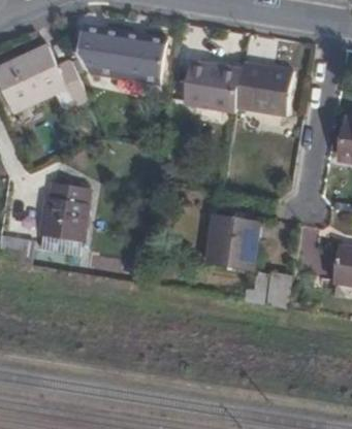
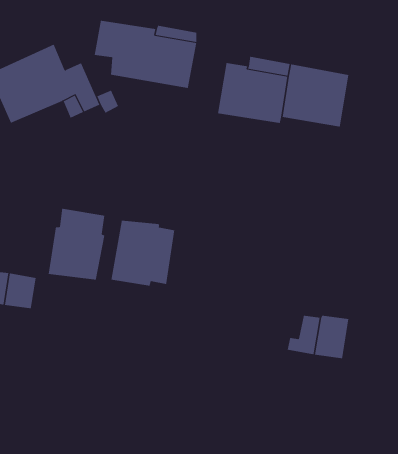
building: none -> [111,220,175,287]
building: [206,213,257,270] -> none

